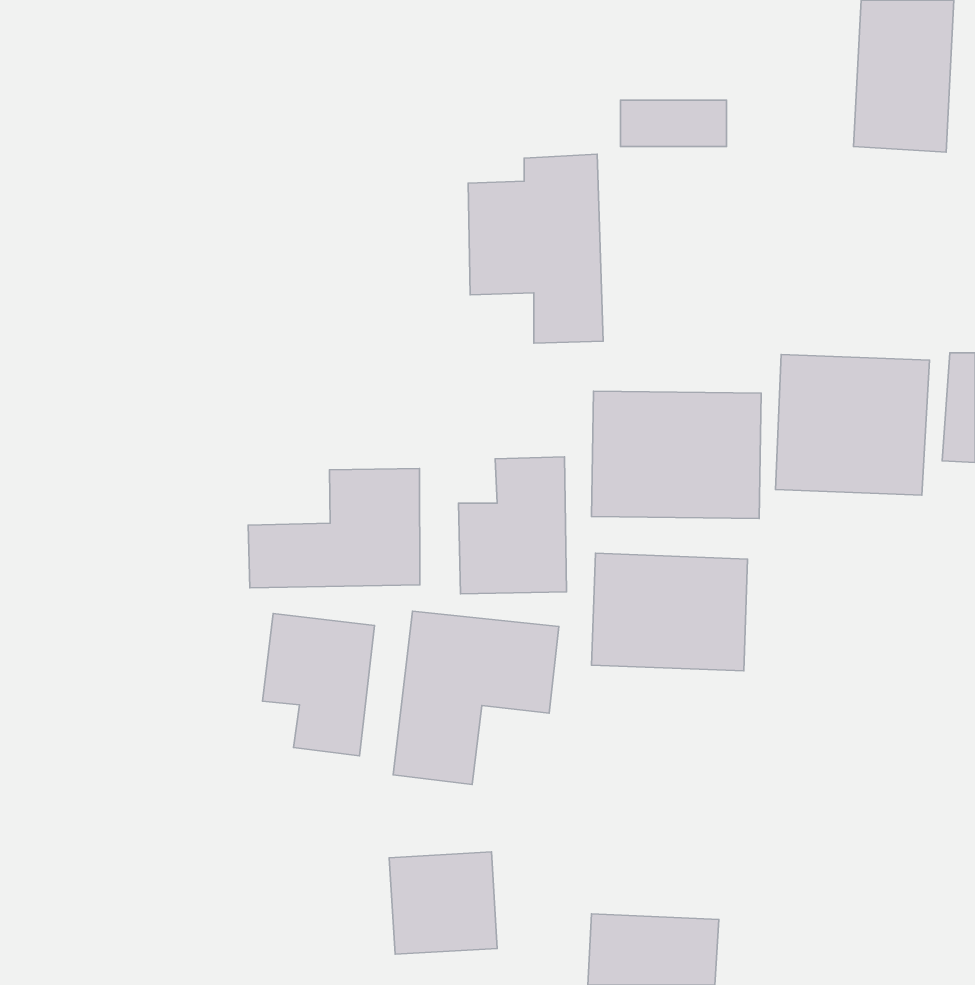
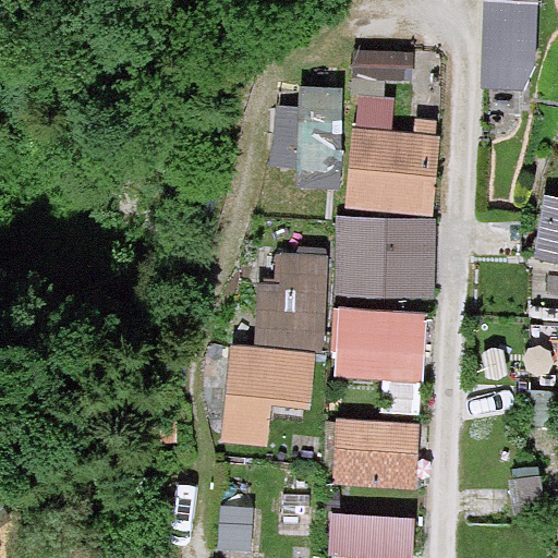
building: [775,354,930,495] -> [350,131,437,210]
building: [248,469,420,588] -> none
building: [263,614,374,756] -> none
building: none -> [339,418,420,486]

